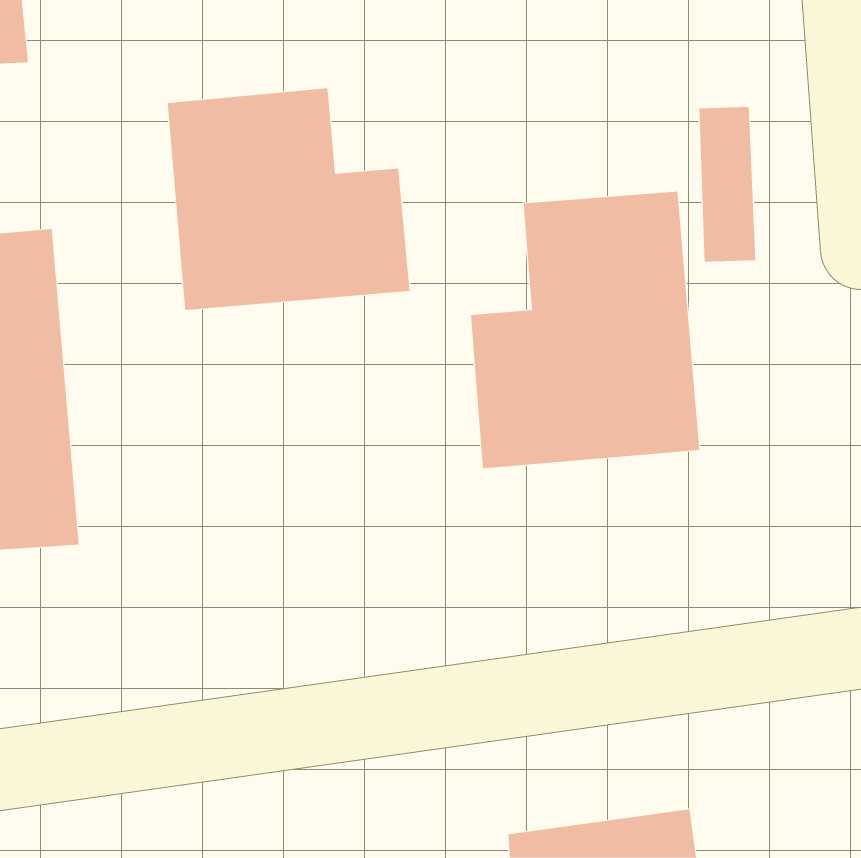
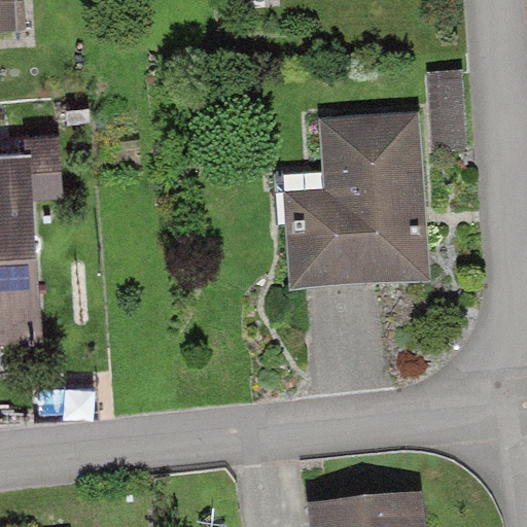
building: [167,88,410,311] -> none

